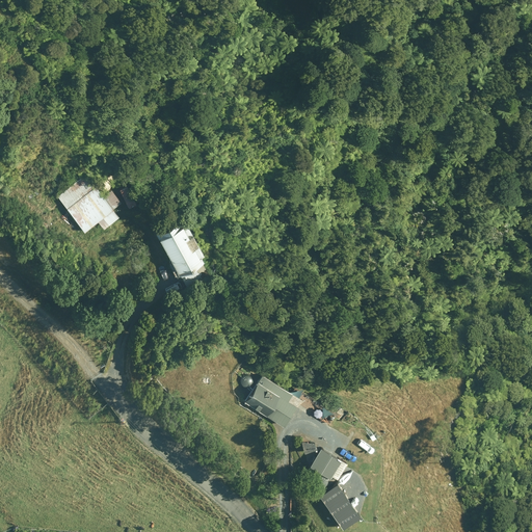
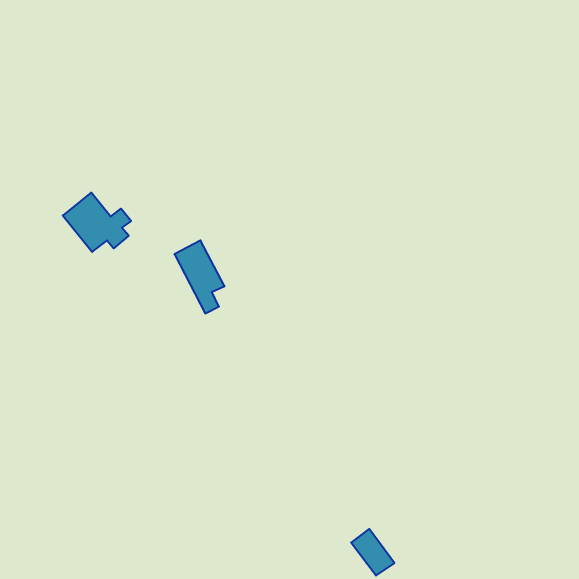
building: [245,376,301,427] -> none
building: [310,449,350,485] -> none

